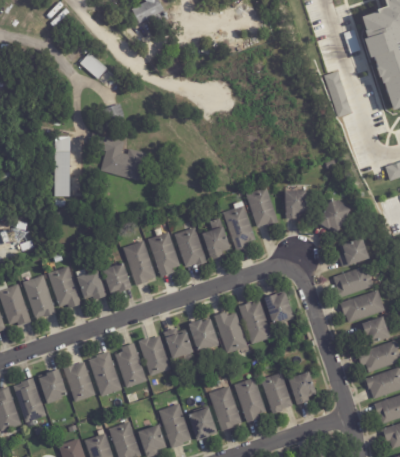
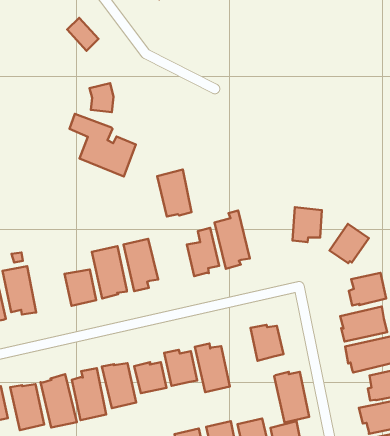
building: [324,71,349,117] -> none
building: [55,137,70,197] -> none
building: [242,186,274,226] -> none
building: [172,225,204,266] -> [157,169,191,217]
building: [75,268,103,297] -> none
building: [236,299,269,343] -> [274,372,309,423]

